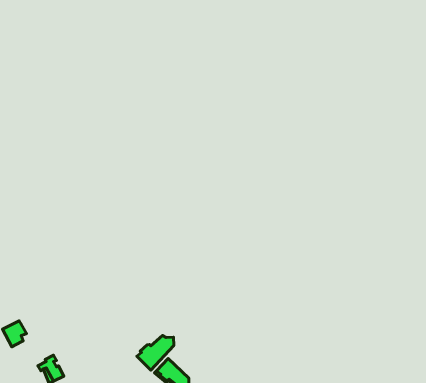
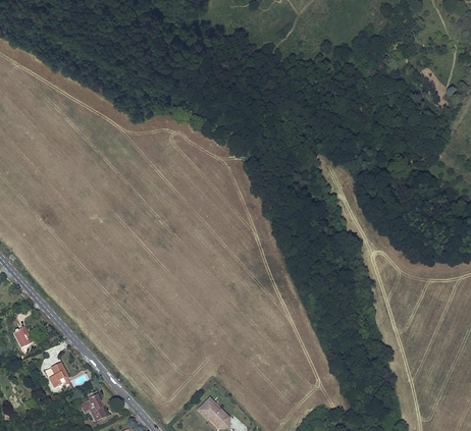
building: [137,335,174,370] -> none

